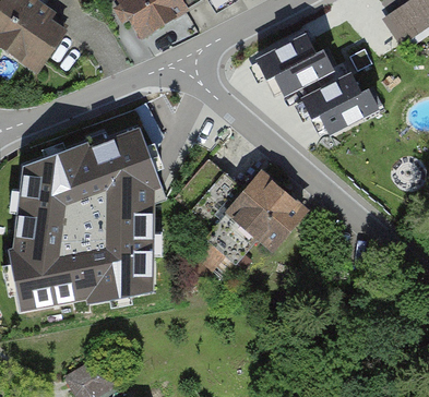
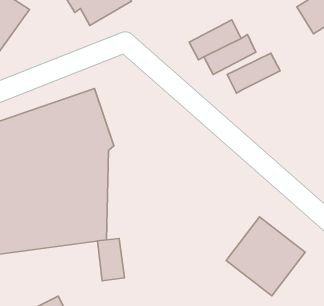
building: [319,91,380,136] -> none
building: [218,171,311,264] -> [226,217,305,296]
building: none -> [98,238,124,281]

